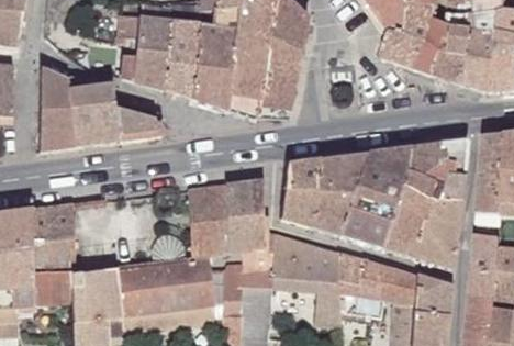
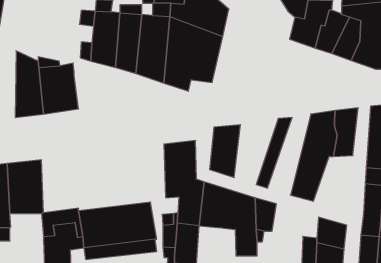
building: [113,98,161,139] -> none
building: [355,146,409,247] -> none
building: [313,152,368,234] -> none
building: [188,183,227,255] -> none
building: [412,198,461,267] -> none
building: [360,258,418,301] -> none
building: [33,270,75,304] -> none

